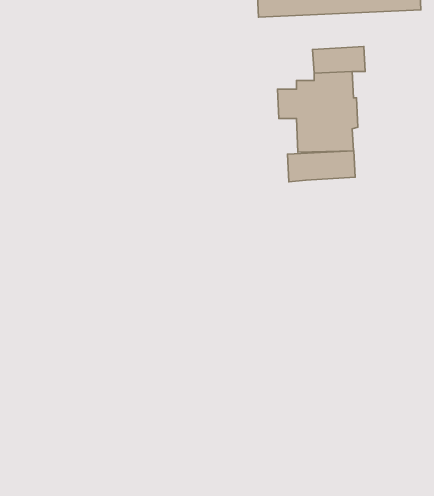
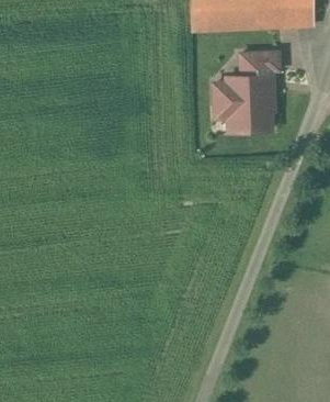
building: [288,151,355,182] -> none

